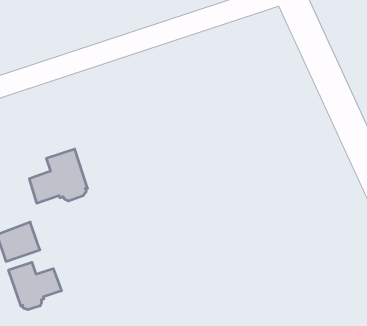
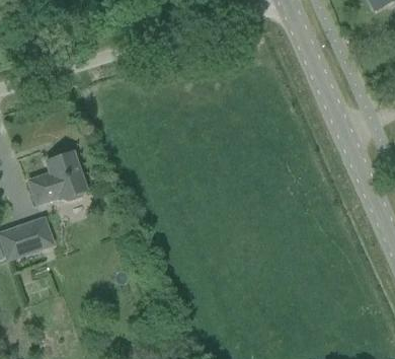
building: [9,262,61,310] -> none

